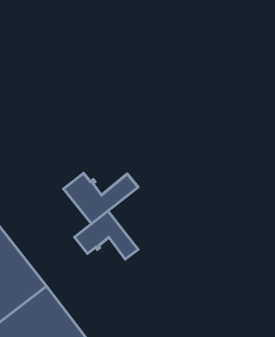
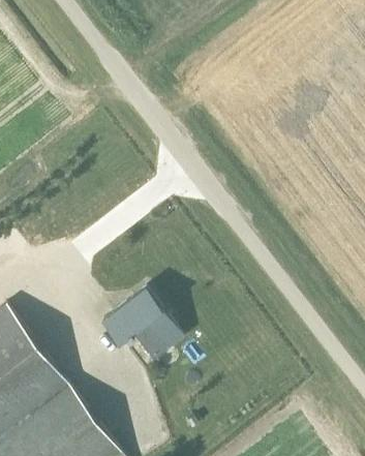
building: [64,173,138,224] -> none

